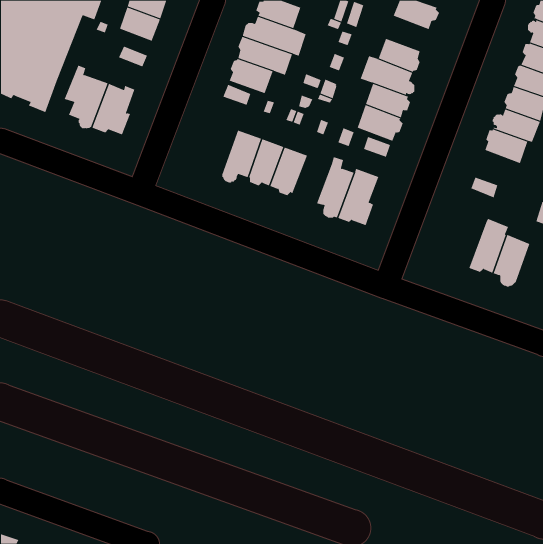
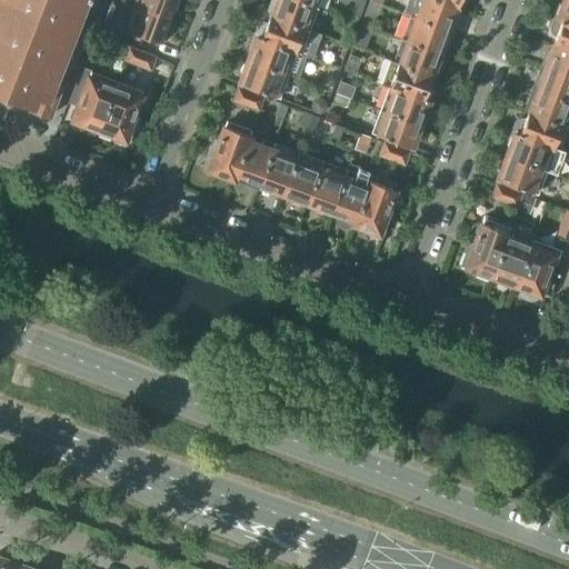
building: none -> [403,17,449,53]
building: none -> [204,123,250,182]
building: none -> [498,157,545,193]
building: none -> [307,162,347,213]
building: none -> [462,220,508,280]

